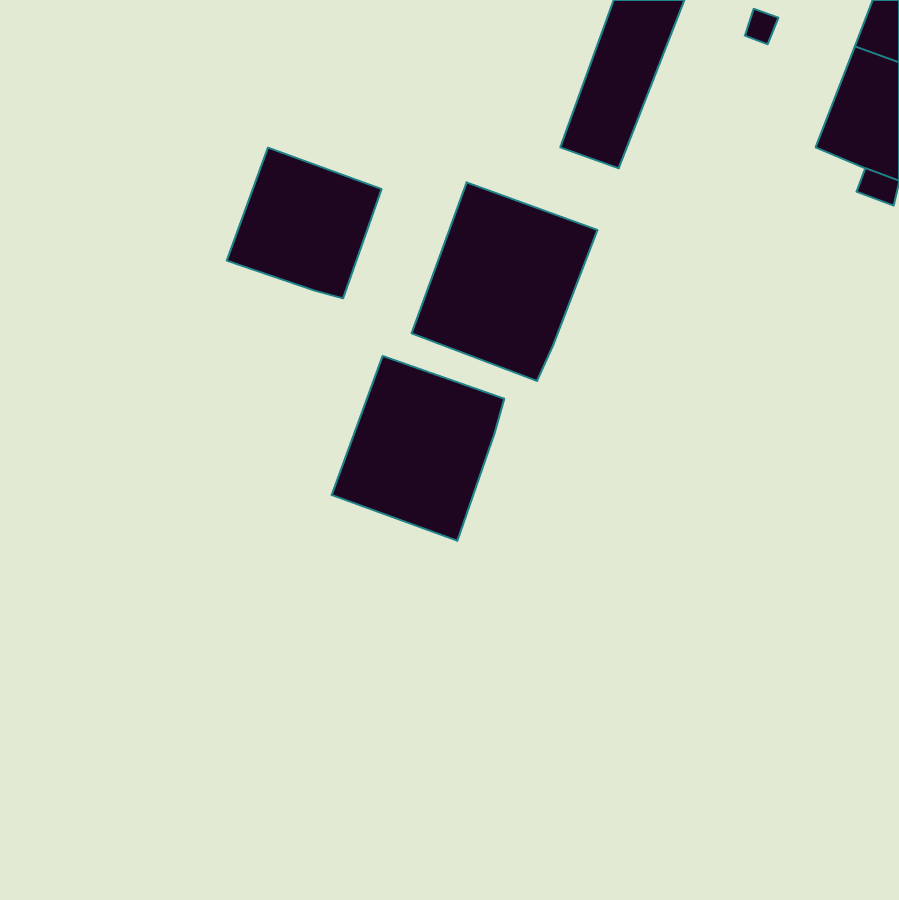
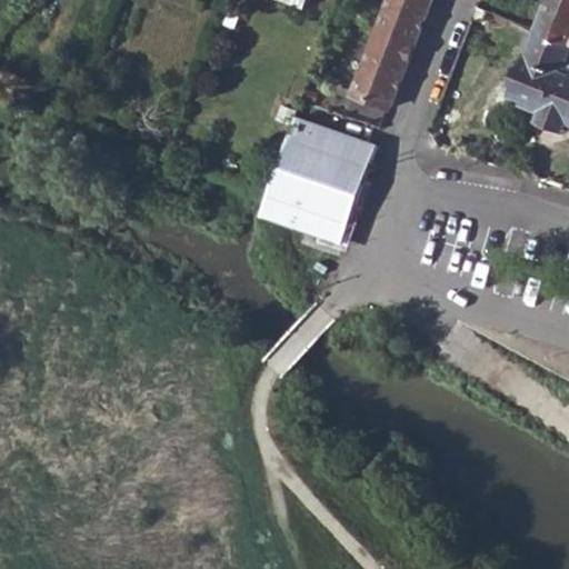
building: [227,148,381,298] -> none
building: [332,356,504,541] -> none

